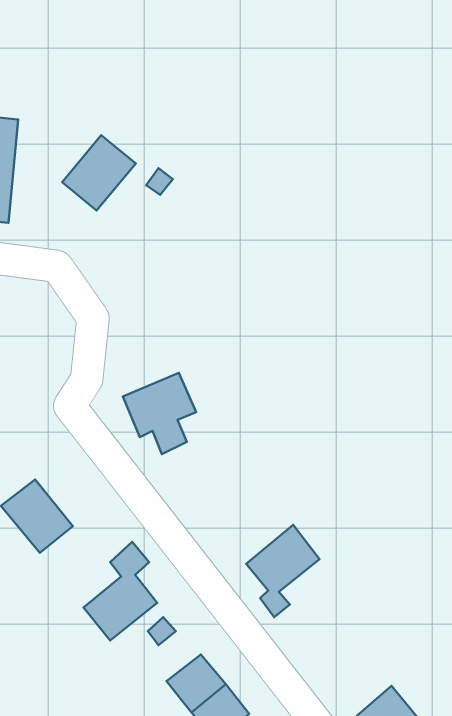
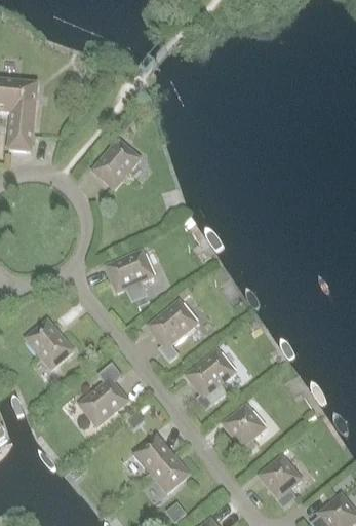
building: [62,135,136,210] -> [92,139,141,188]
building: none -> [149,300,197,362]
building: none -> [223,404,265,446]

